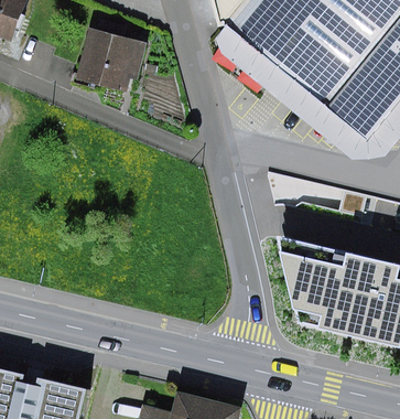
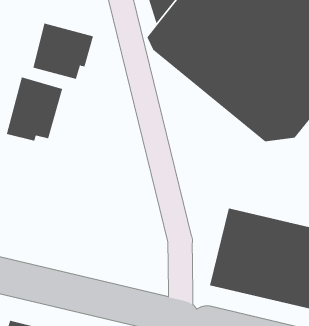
building: none -> [6,77,63,142]

